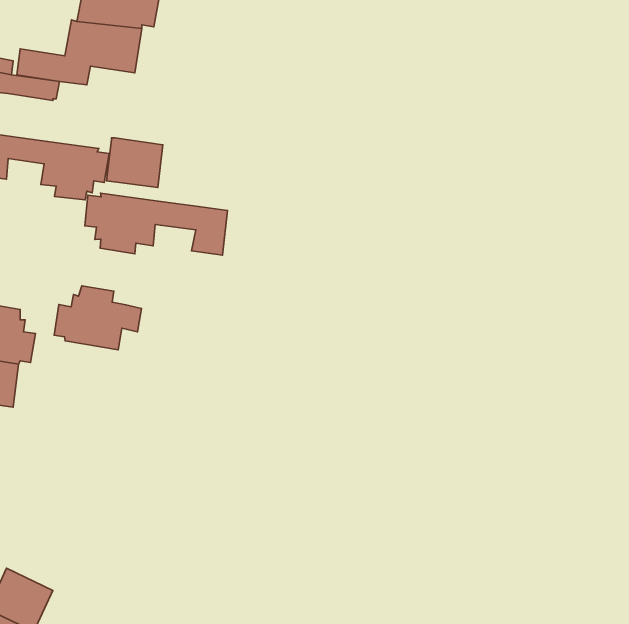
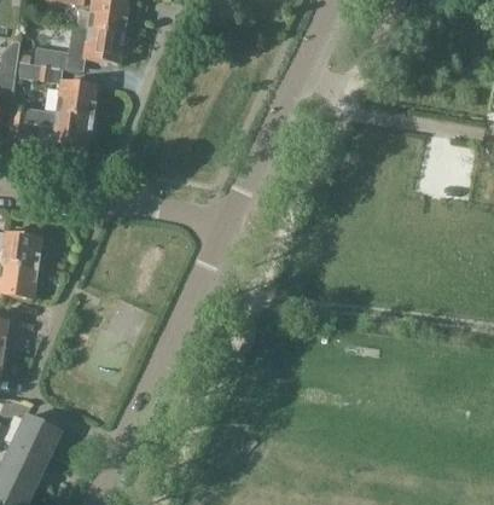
building: [106,138,163,188] -> [56,81,95,116]
building: [85,193,227,255] -> none
building: [54,286,142,350] -> none

